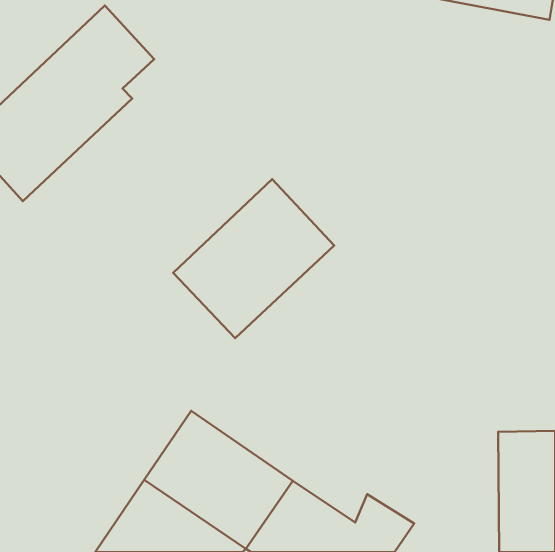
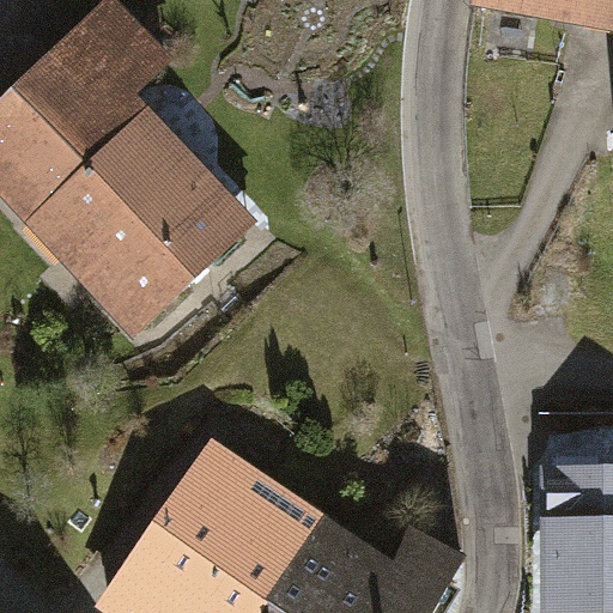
building: none -> [25,108,253,334]
building: [173,179,334,338] -> none

